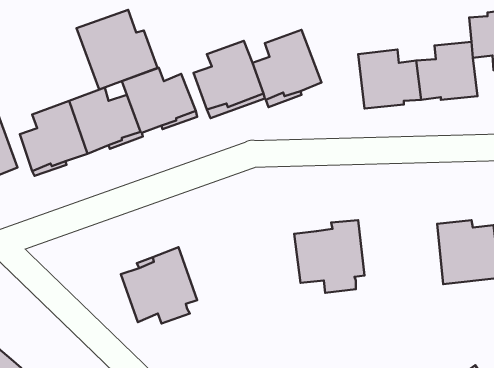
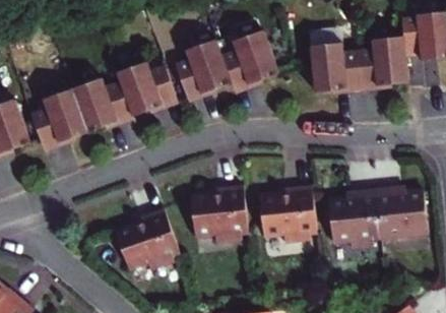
building: [77,10,157,90] -> none
building: none -> [189,184,247,244]
building: none -> [327,189,381,251]

